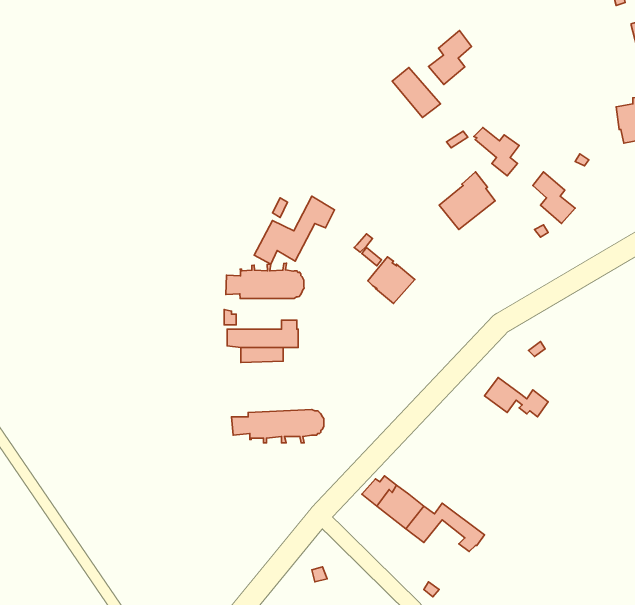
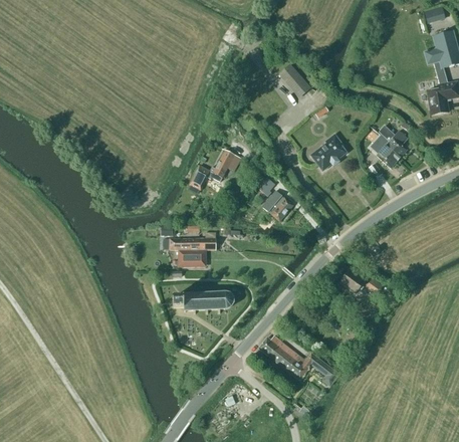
building: [429,31,472,84] -> none
building: [474,127,519,176] -> [378,125,408,157]
building: [226,263,304,299] -> none

